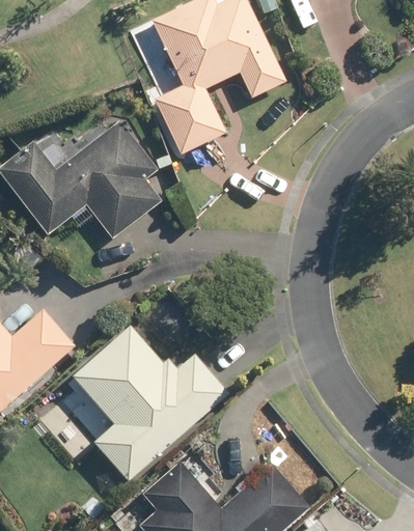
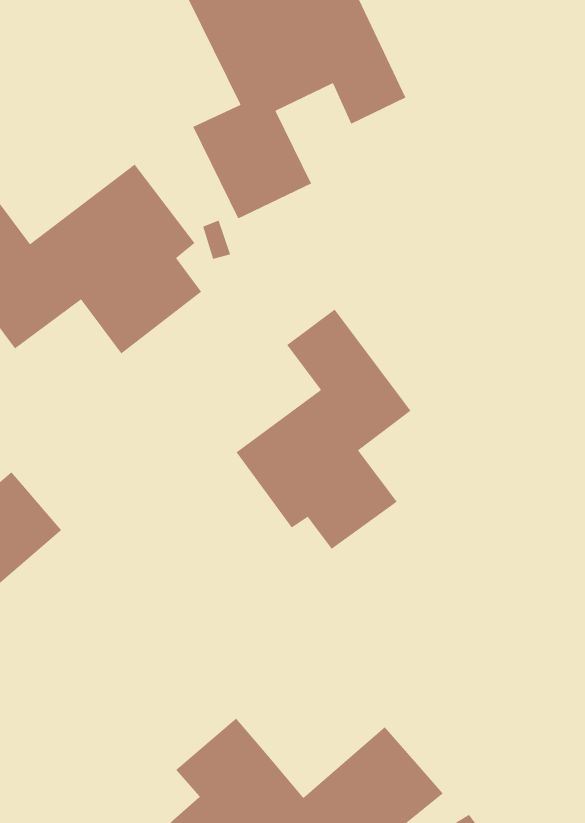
building: none -> [235,308,412,550]
building: [74,328,227,480] -> none

